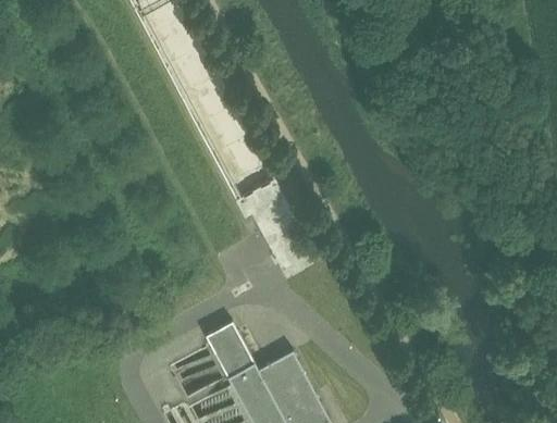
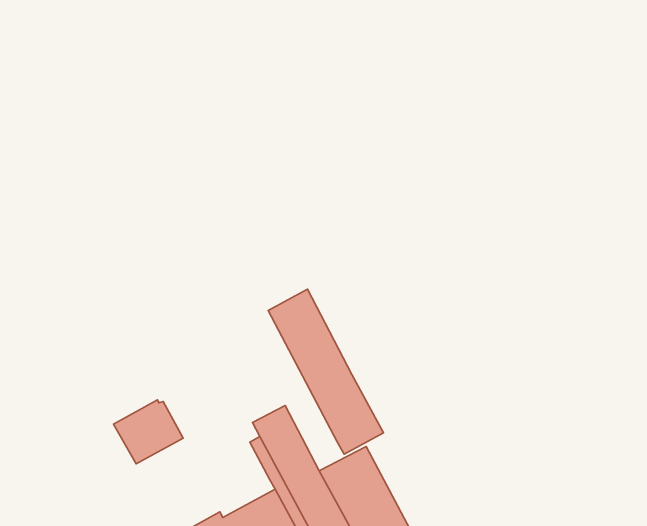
building: none -> [268,289,384,454]
building: [168,347,221,396] -> [114,400,183,464]

